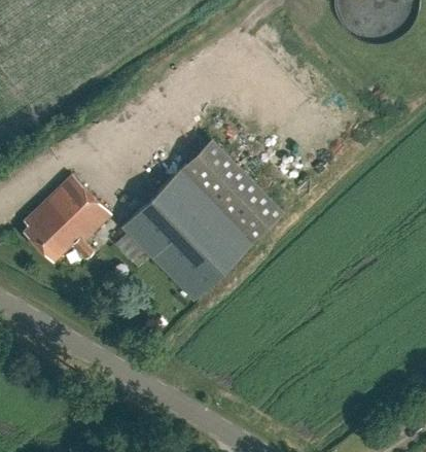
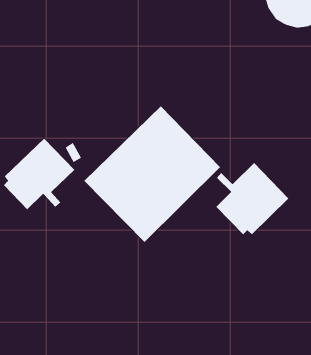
building: none -> [216,162,289,235]

